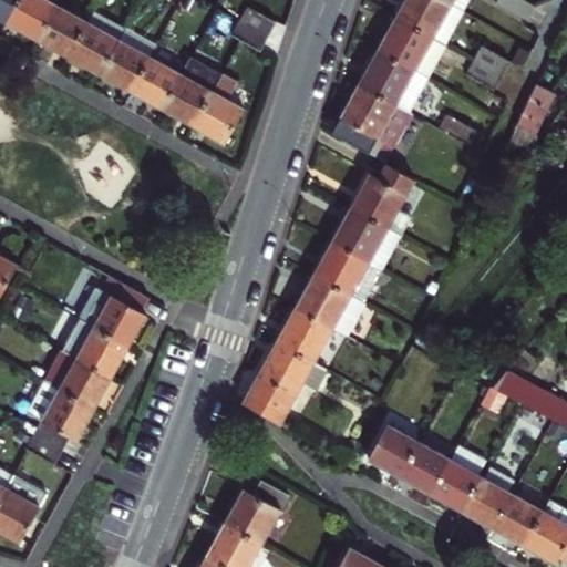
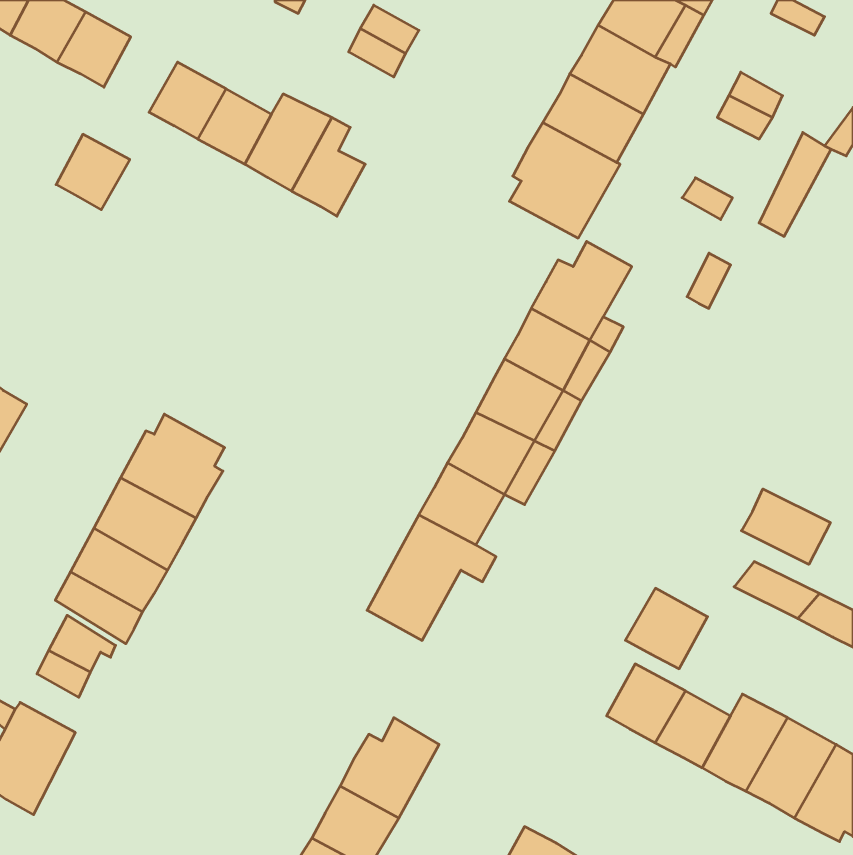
building: [69,25,117,75] -> [56,134,130,210]
building: none -> [741,489,830,564]
building: [365,421,420,474] -> [625,588,708,669]

